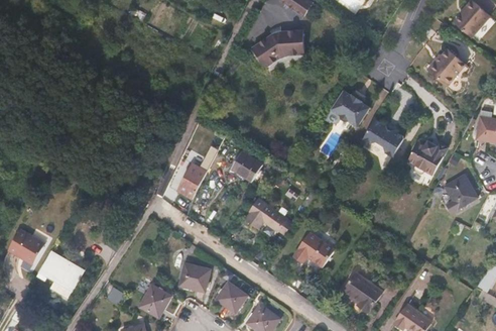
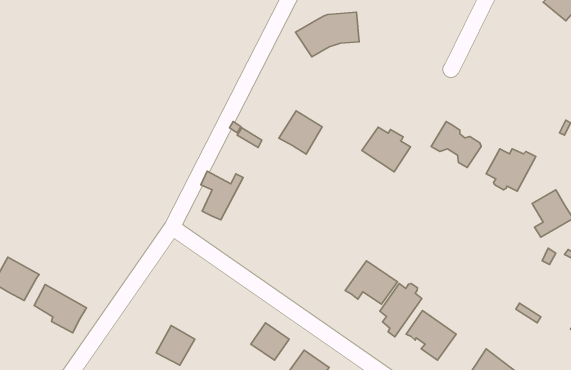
building: [426,49,465,86] -> none
building: [330,91,369,127] -> [362,127,410,172]
building: [230,146,265,182] -> [279,111,322,154]
building: [244,198,291,234] -> none
building: none -> [380,283,422,337]
building: [178,263,210,293] -> none

